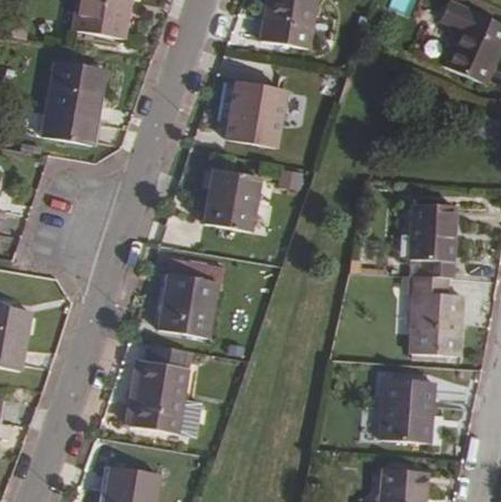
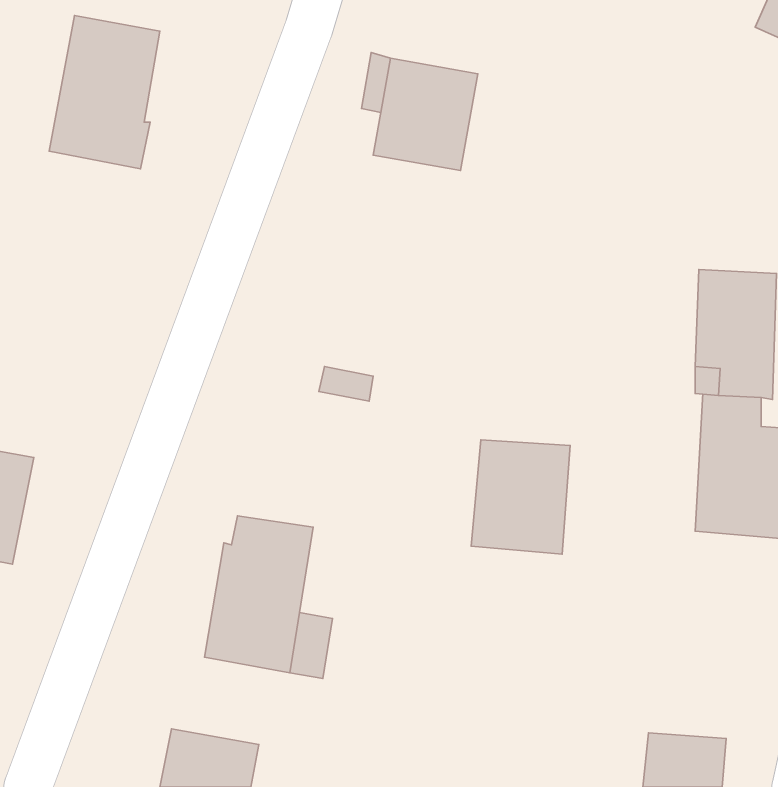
building: [203,169,261,231] -> none
building: [158,273,218,337] -> none
building: [378,378,435,443] -> [471,440,570,554]

